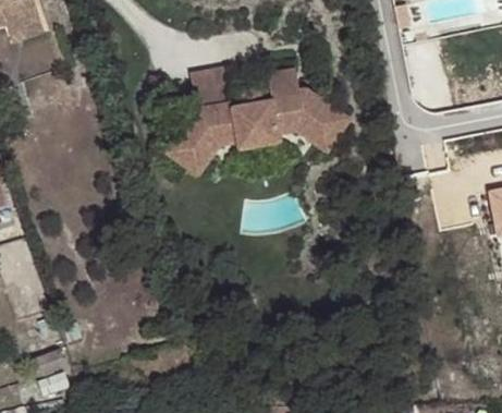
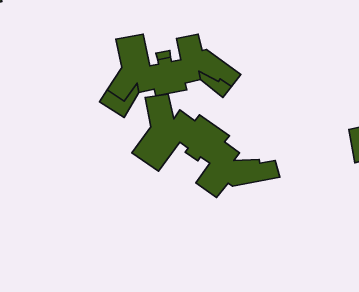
building: none -> [132,94,280,198]

